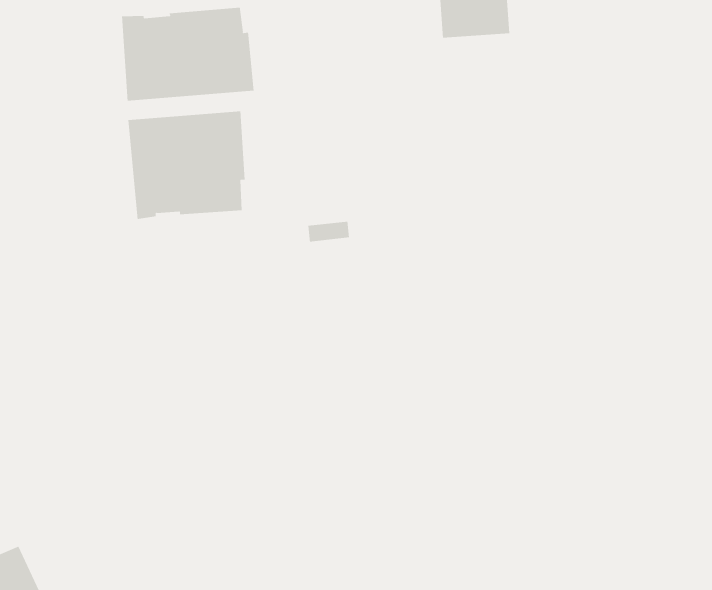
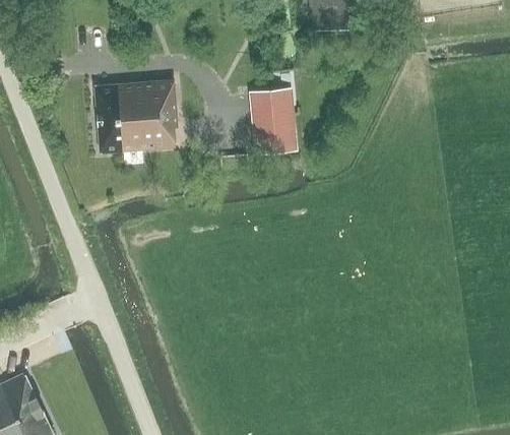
building: [121,7,254,101] -> none
building: none -> [248,85,297,152]

